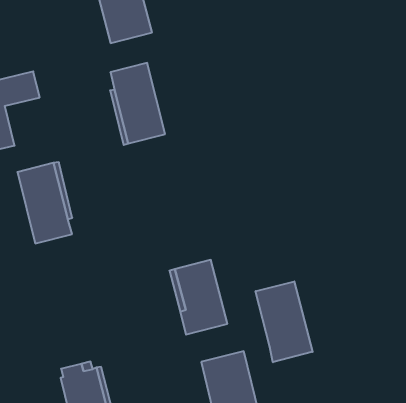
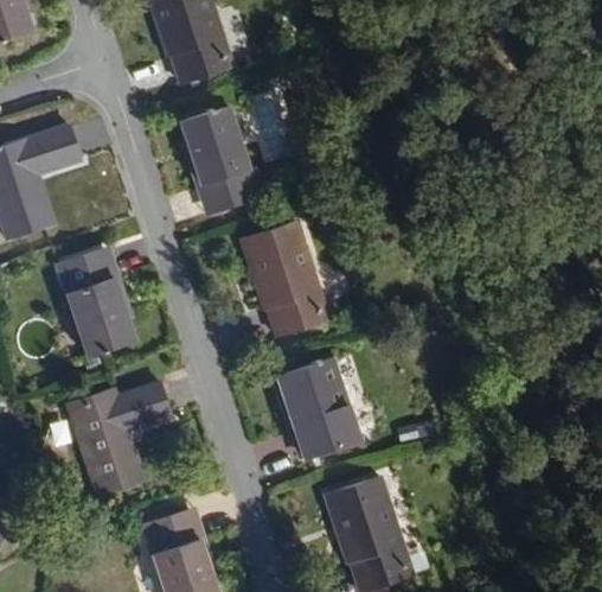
building: none -> [232,218,319,335]
building: none -> [62,383,164,497]
building: [256,281,313,362] -> none

